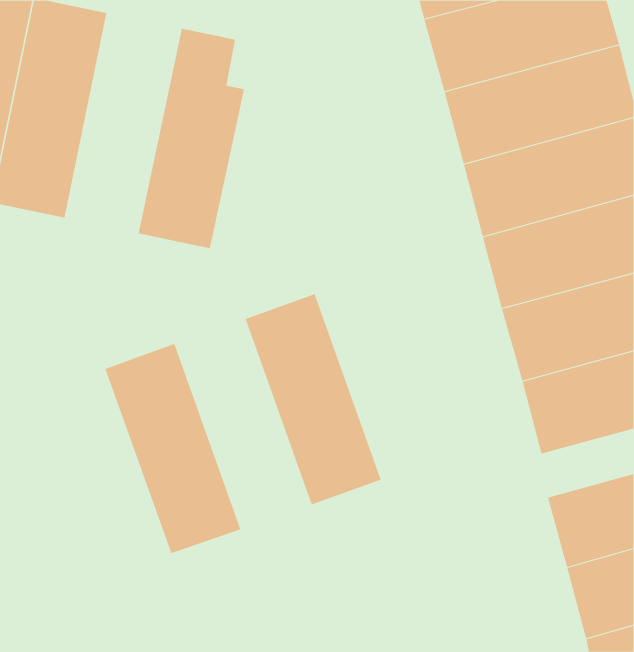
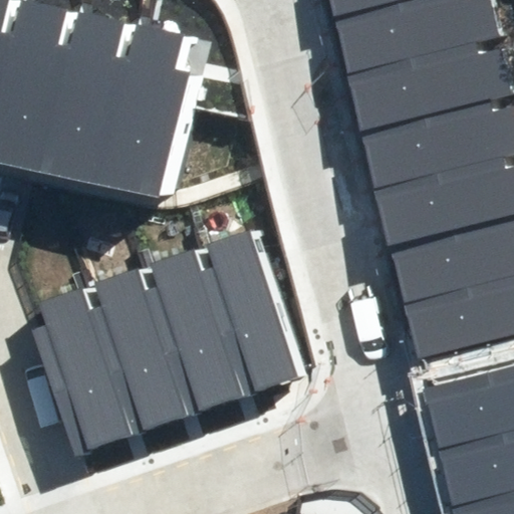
building: none -> [51,10,143,184]
building: none -> [138,251,245,417]
building: none -> [35,290,135,456]

